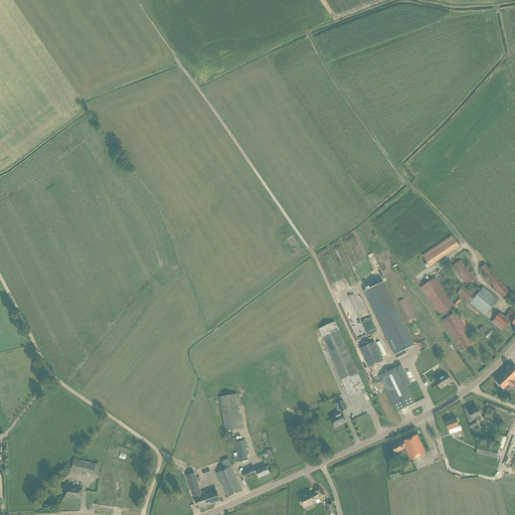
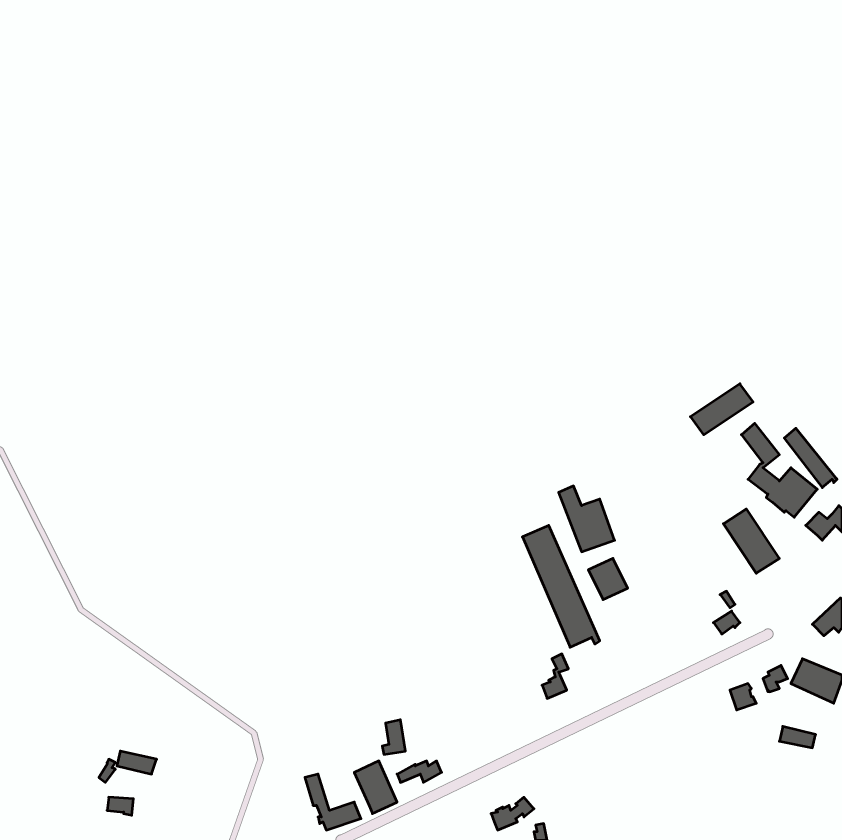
building: [420,277,454,316] -> none
building: [364,281,413,357] -> none
building: [379,364,415,410] -> none
building: [219,393,242,431] -> none
building: [392,434,425,459] -> none

